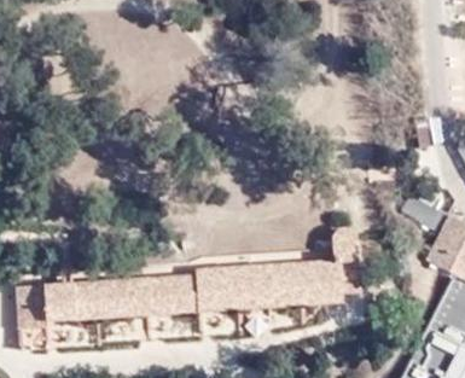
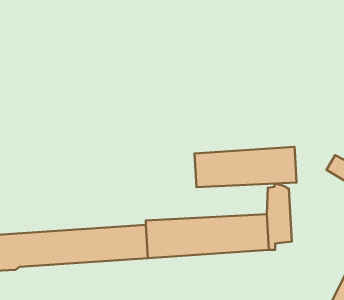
building: none -> [194,147,297,187]

